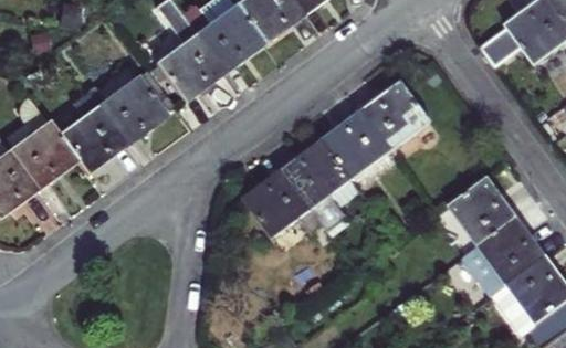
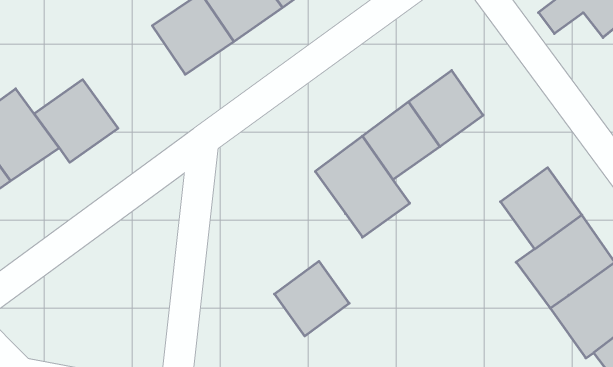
building: [97,73,168,143] -> none
building: [255,179,318,242] -> [274,261,349,336]

